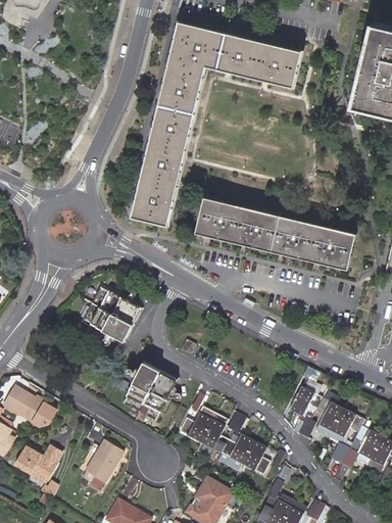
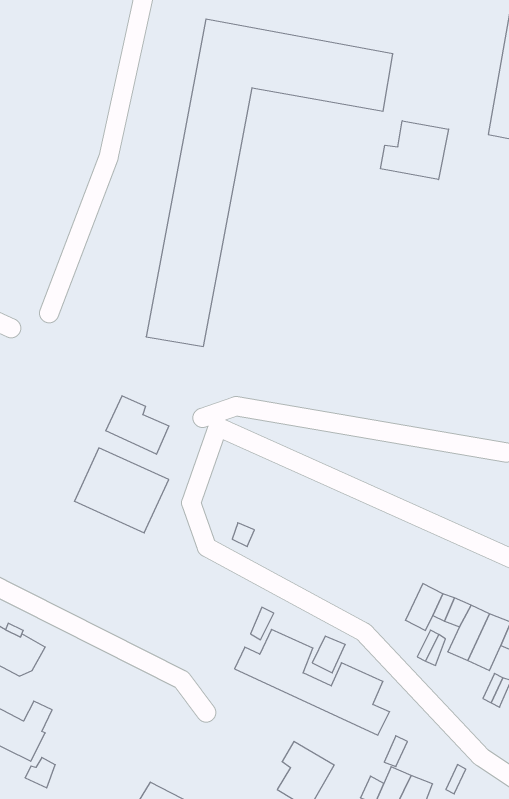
building: none -> [381,121,449,180]
building: [190,198,351,269] -> none
building: none -> [106,396,169,454]
building: [119,361,174,419] -> none
building: [80,439,120,490] -> none

